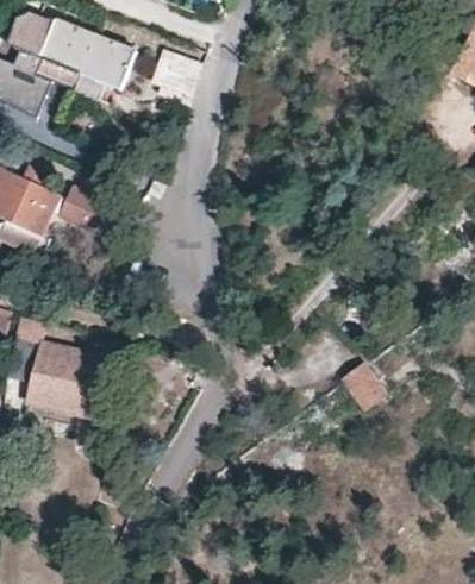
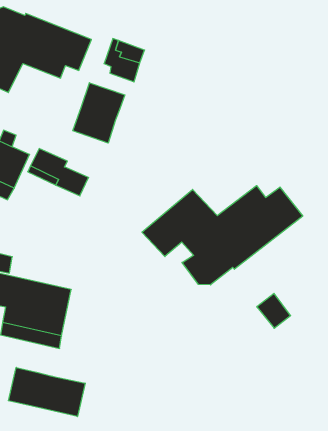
building: none -> [73,83,125,143]
building: none -> [142,186,303,285]
building: none -> [8,367,85,417]

